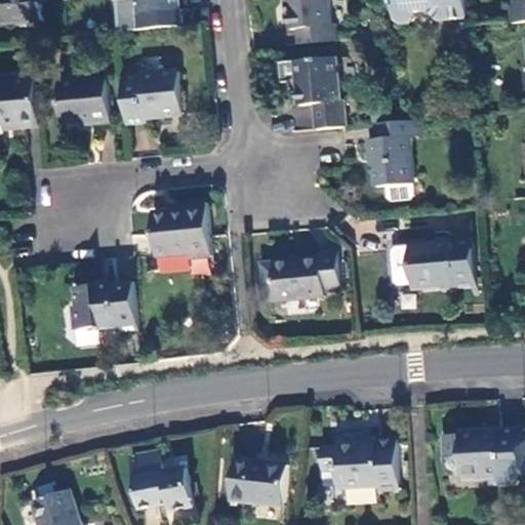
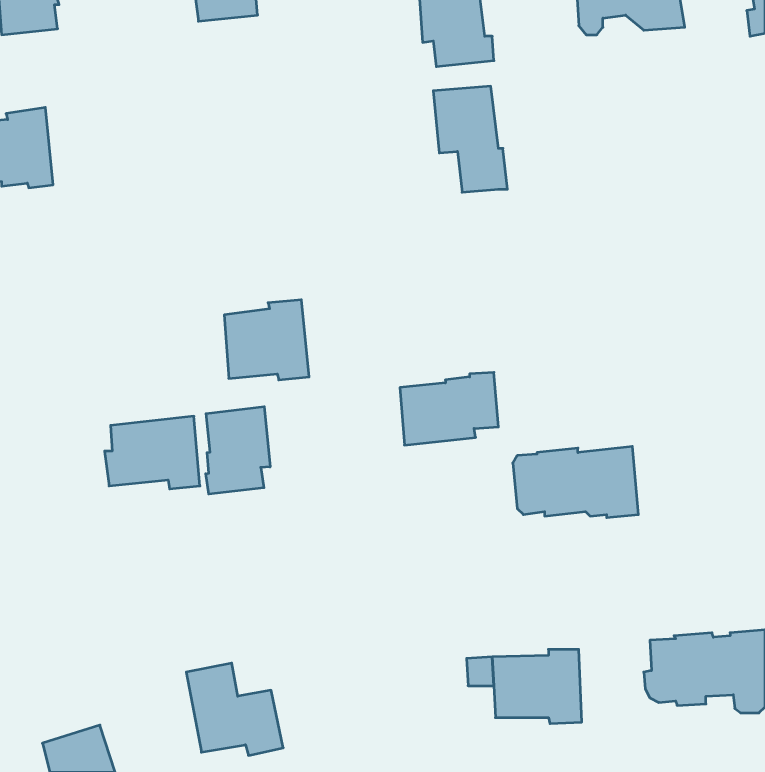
building: [120,72,180,125] -> none
building: [56,79,109,124] -> none
building: [366,120,418,187] -> none
building: [389,241,474,289] -> [513,446,638,518]
building: none -> [206,407,270,494]
building: [229,459,284,507] -> none

